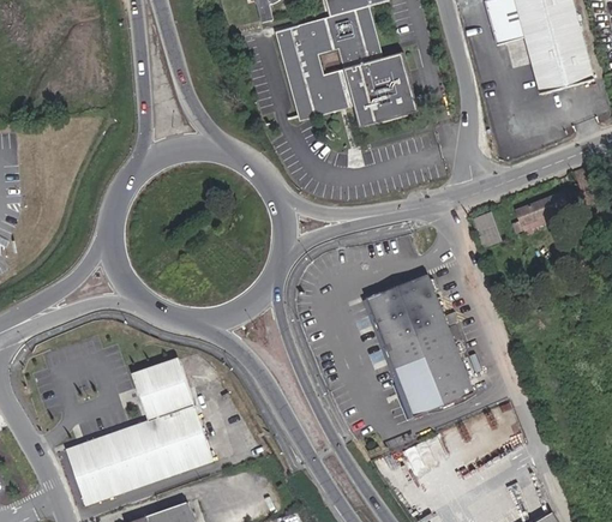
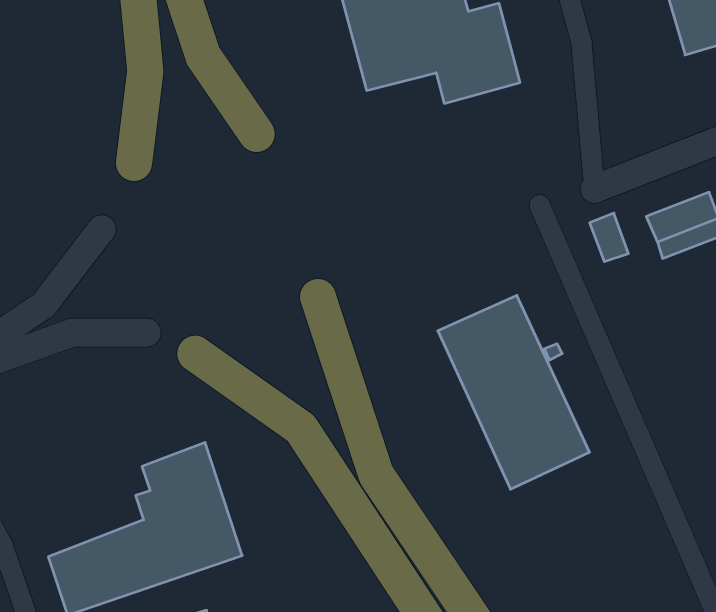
building: [128,354,185,397] -> none
building: [61,419,139,464] -> none

